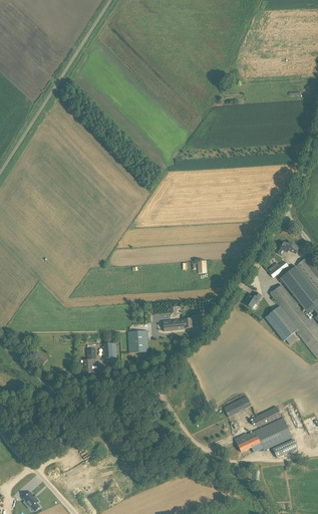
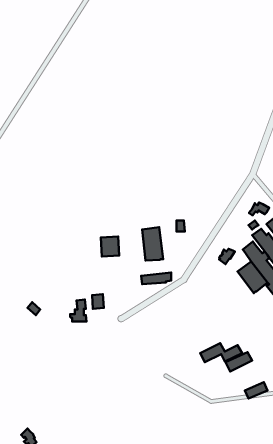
building: none -> [142,227,163,261]
building: [128,330,148,352] -> [101,236,119,256]
building: [235,418,292,452] -> none

